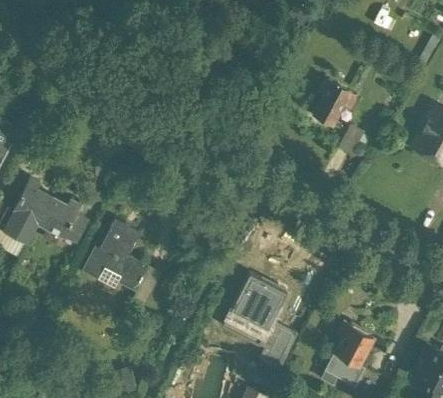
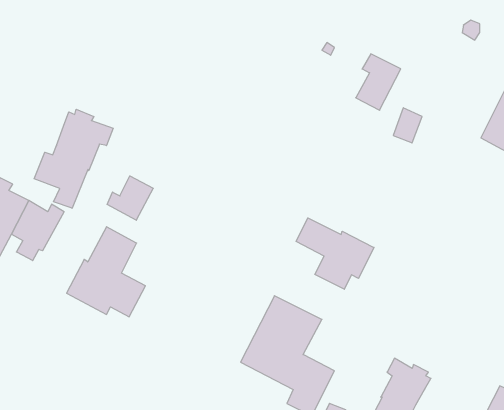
building: none -> [34,109,113,208]
building: none -> [107,176,153,220]
building: none -> [296,218,374,289]

